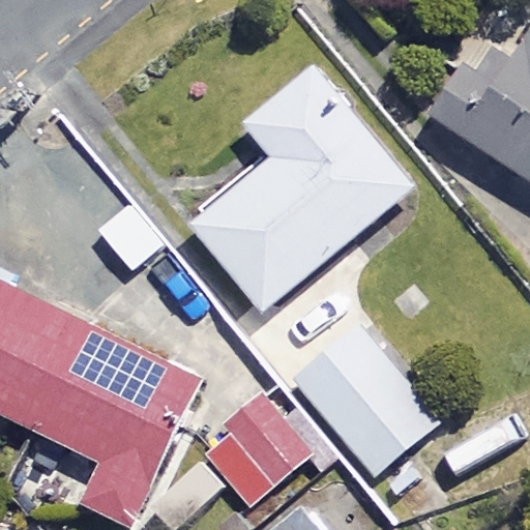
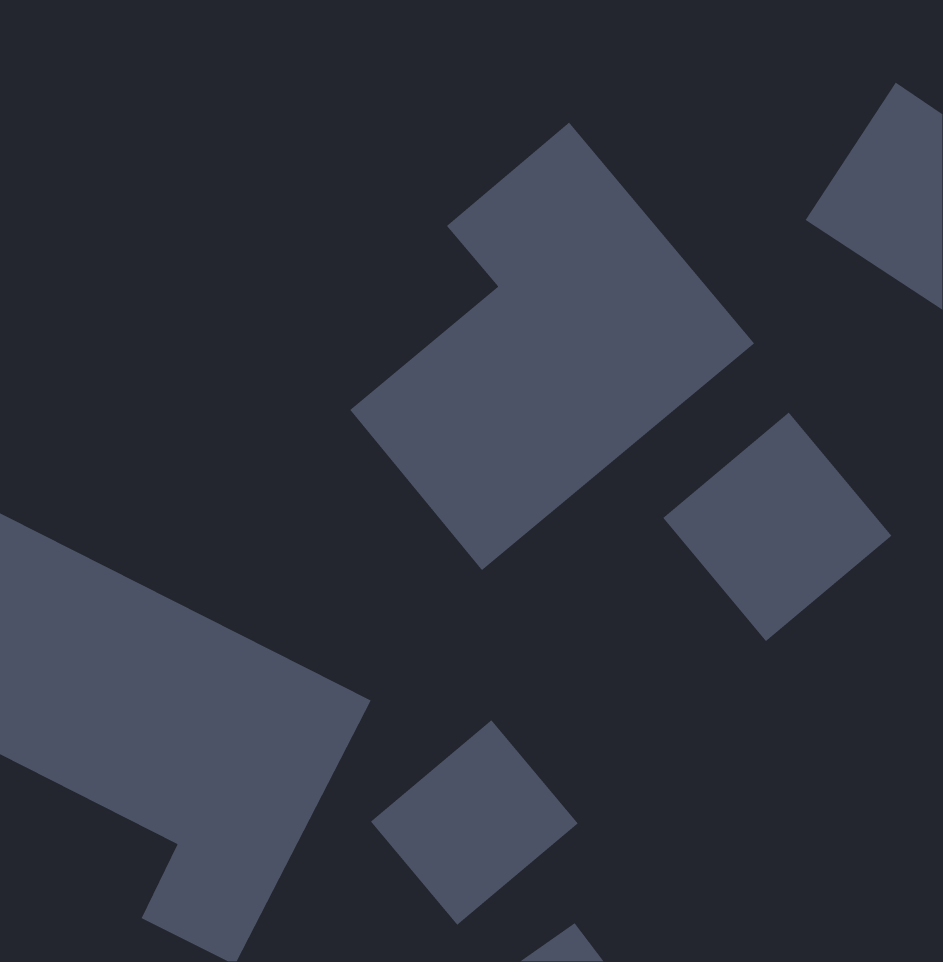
building: none -> [662,411,893,642]
building: [293,326,435,475] -> none

